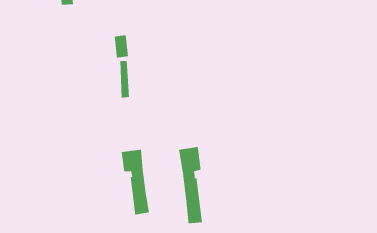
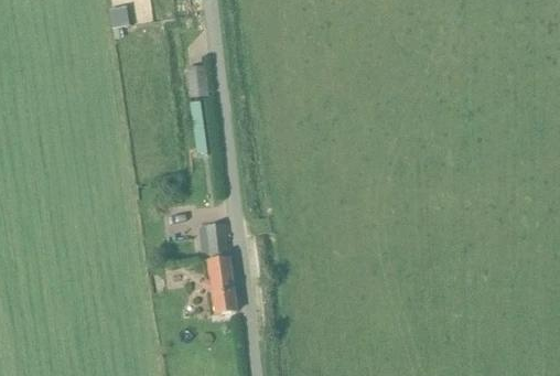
building: [179,146,203,224] -> none

